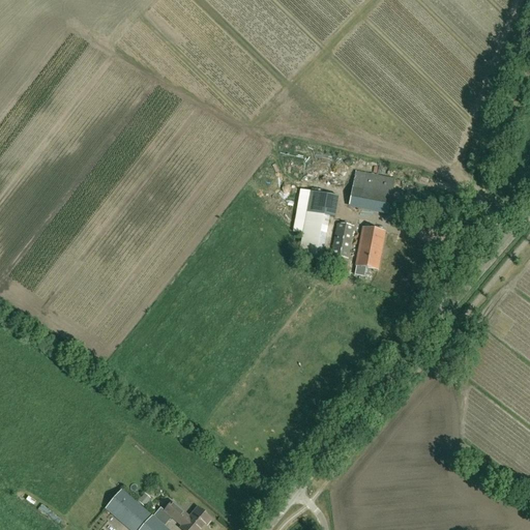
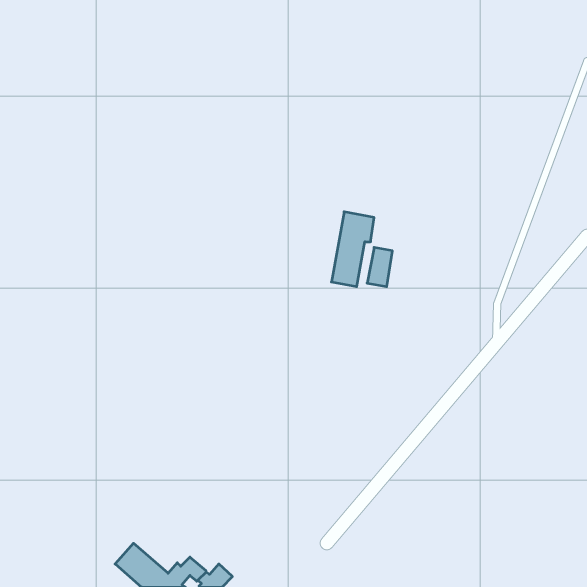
building: [350,172,395,213] -> none
building: [355,228,383,269] -> none

